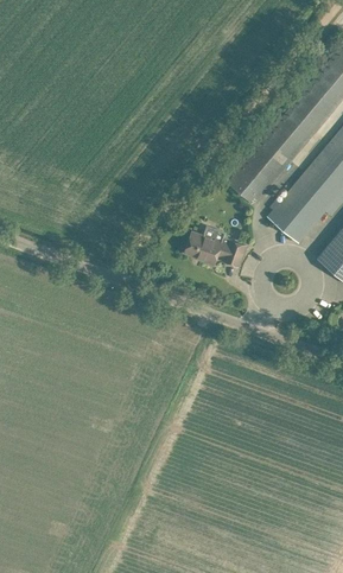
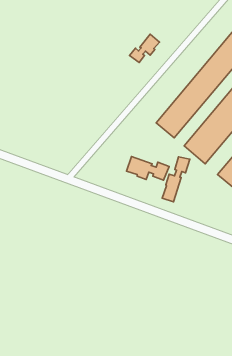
building: none -> [130,34,160,63]
building: none -> [162,157,190,202]

